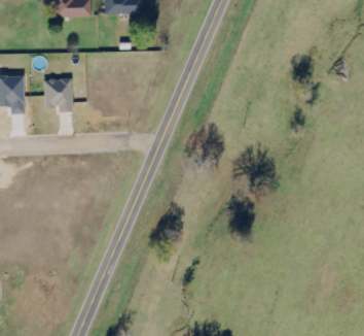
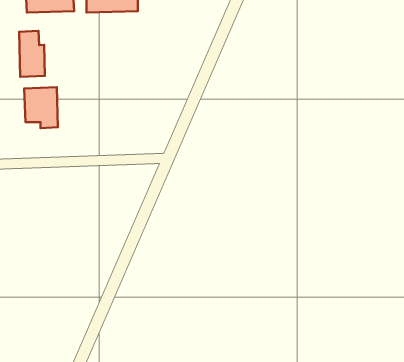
building: none -> [19,31,45,77]

